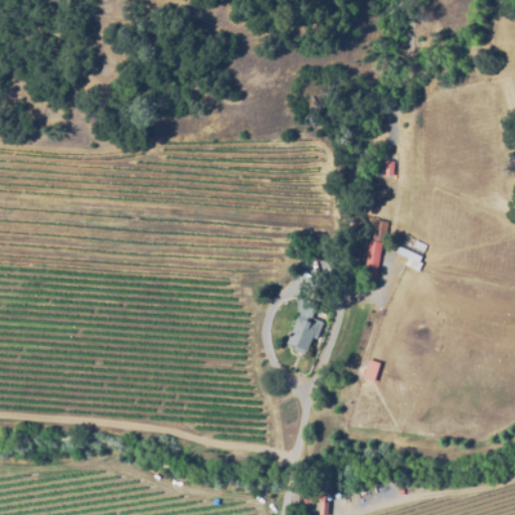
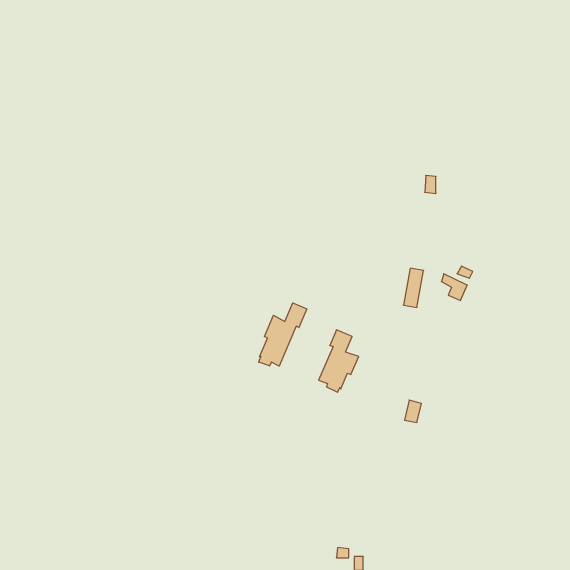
building: none -> [259,303,307,366]

